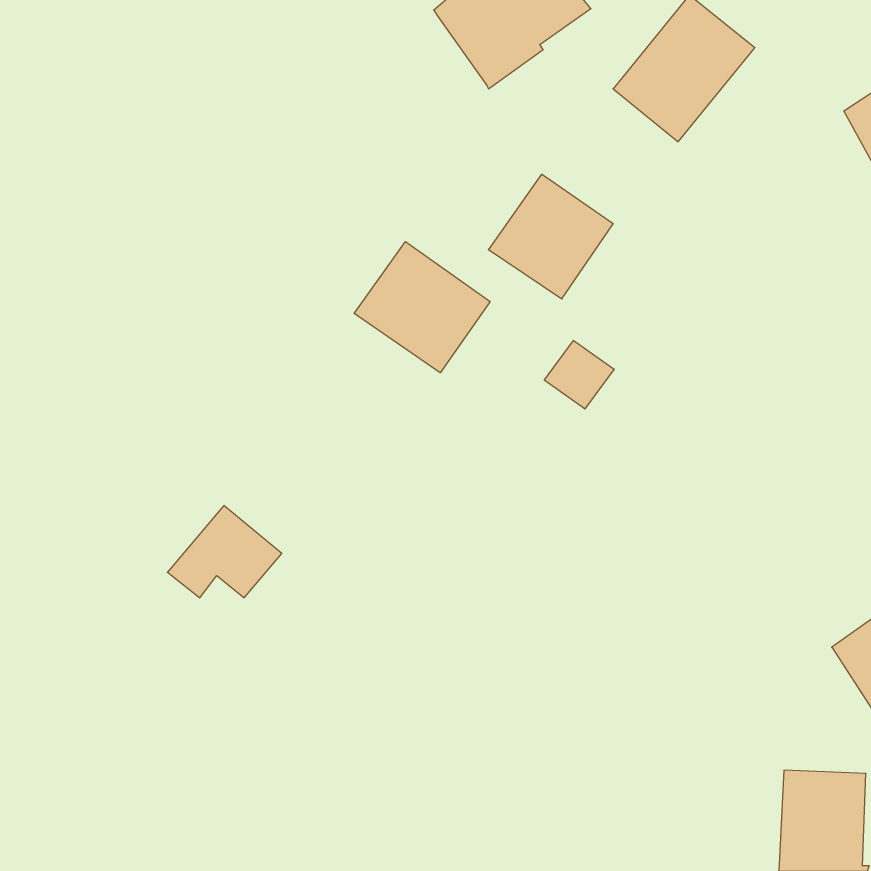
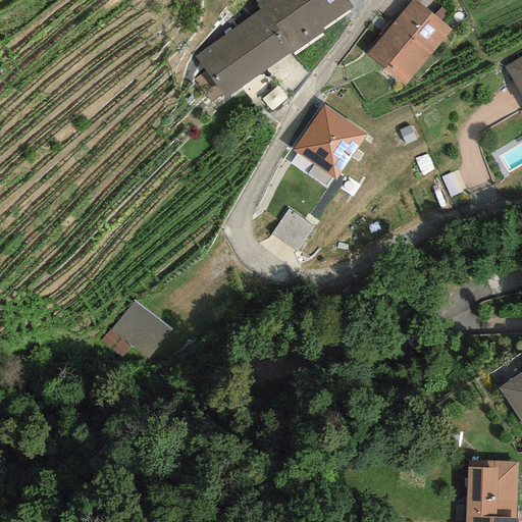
building: none -> [196,9,292,98]
building: [354,242,490,373] -> none
building: [544,341,614,409] -> [272,211,314,252]

